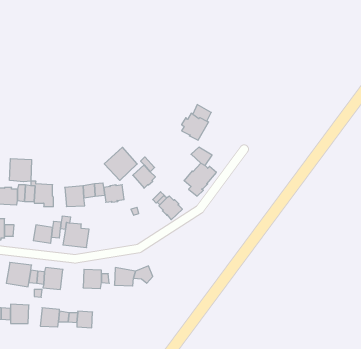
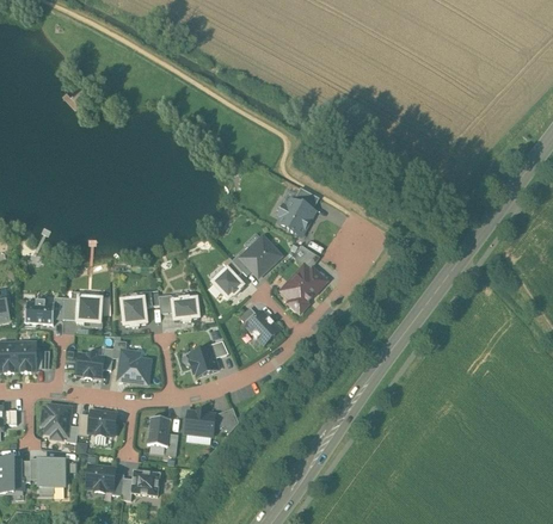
building: [104,147,137,180] -> [238,235,283,281]
building: [10,159,32,182] -> none
building: none -> [189,343,221,376]

